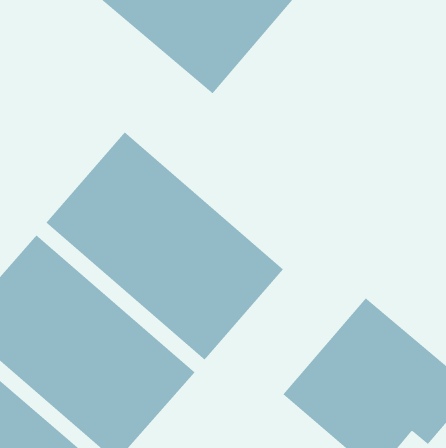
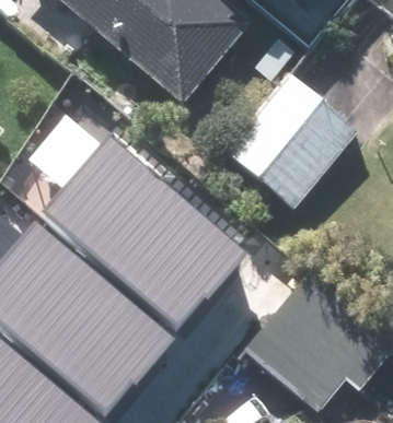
building: none -> [222,70,360,210]

